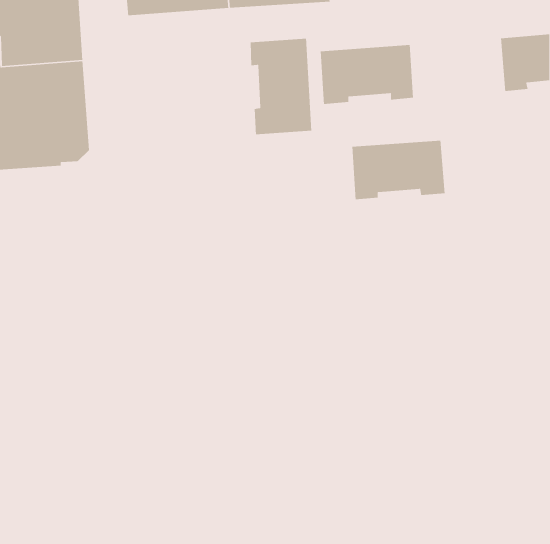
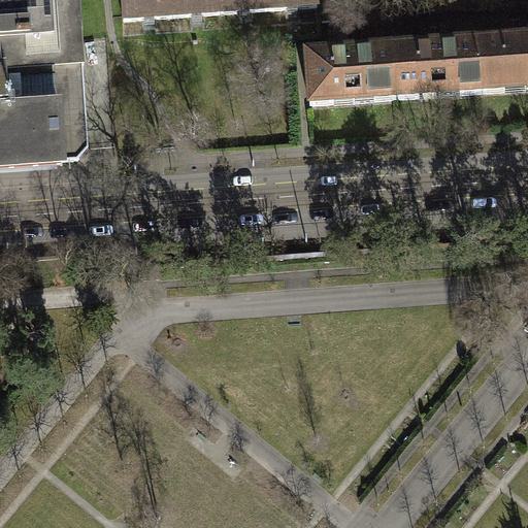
building: [250,38,312,135] -> none
building: [351,140,445,200] -> [392,36,482,94]

